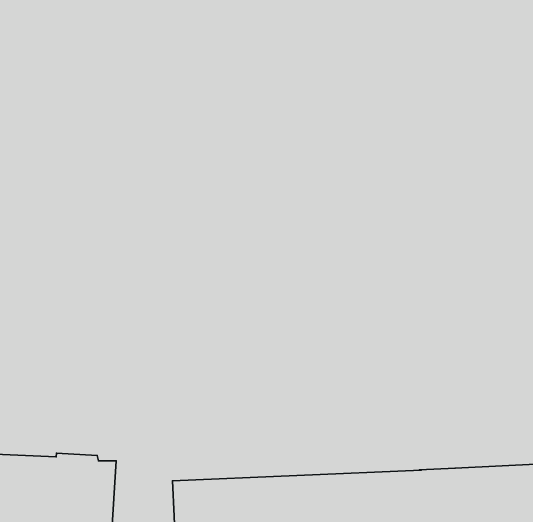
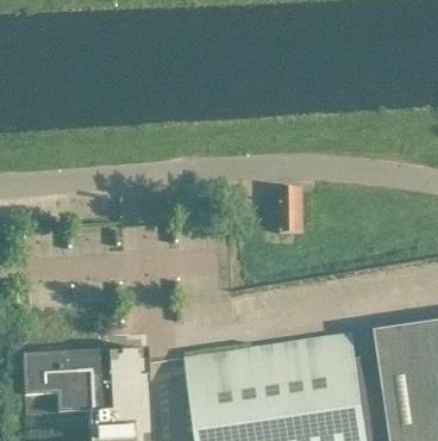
building: none -> [275,185,299,230]

